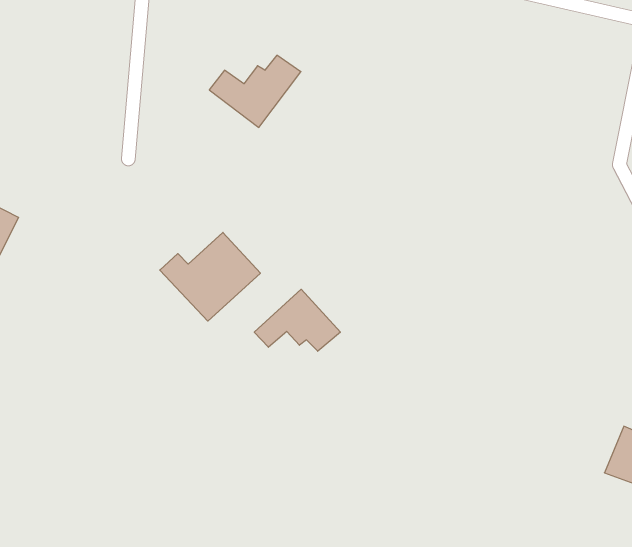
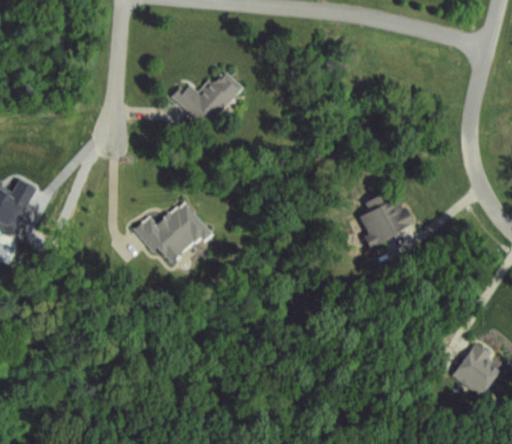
building: none -> [351,203,411,246]
building: [254,289,340,351] -> none

